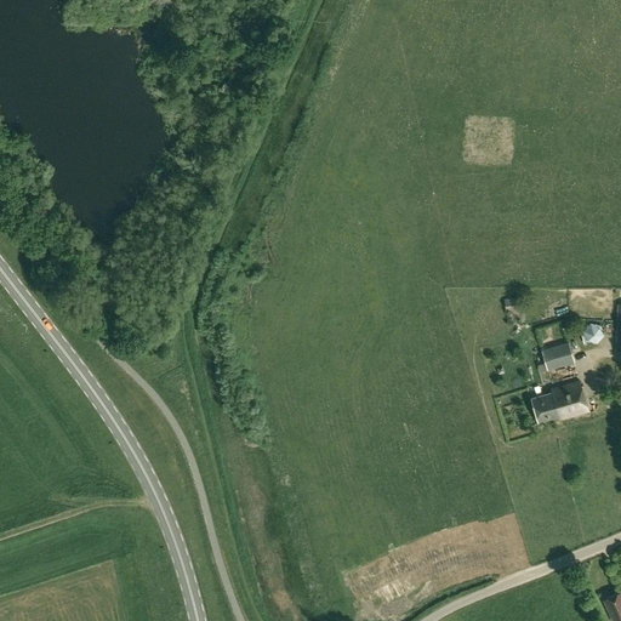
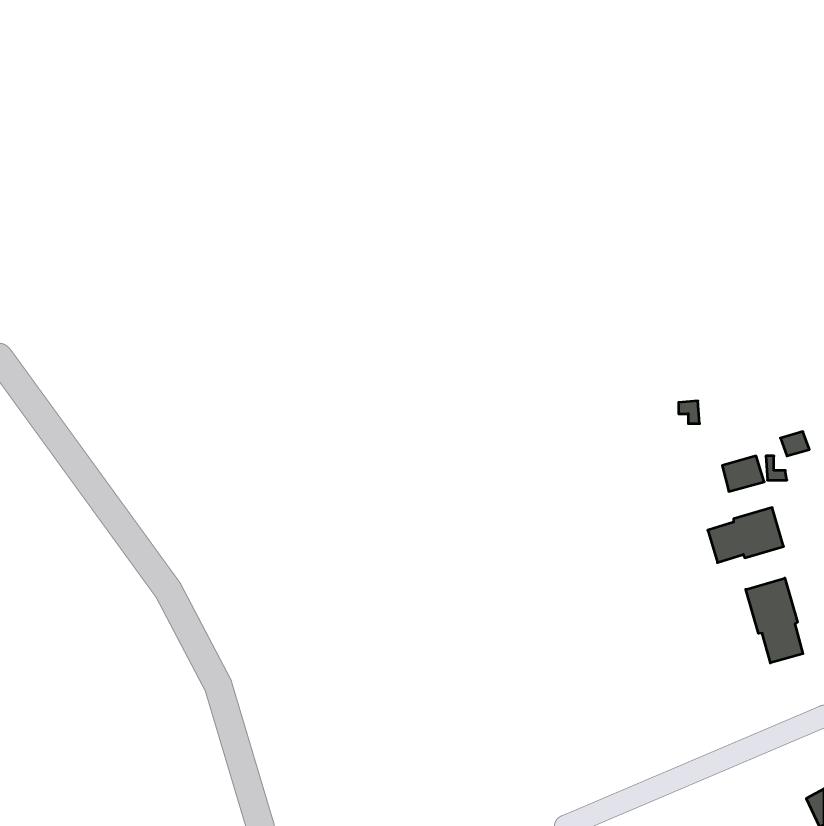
building: none -> [746,578,803,663]

